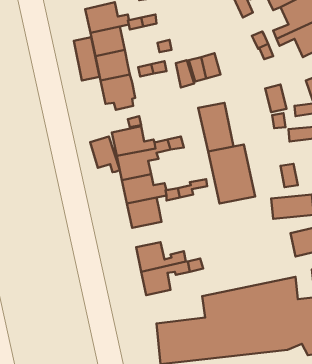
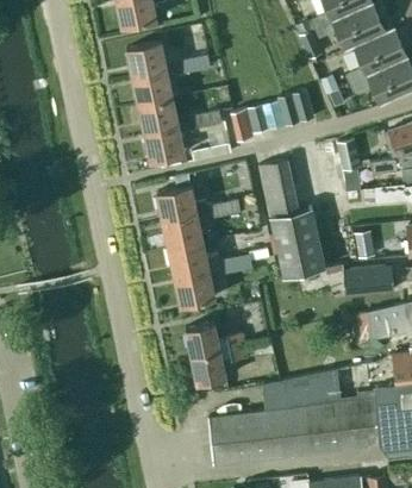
building: [74,37,100,80] -> none
building: none -> [277,90,313,126]
building: [90,137,120,172] -> none

